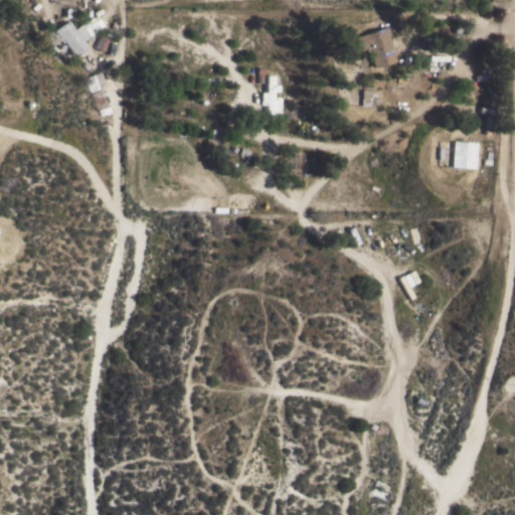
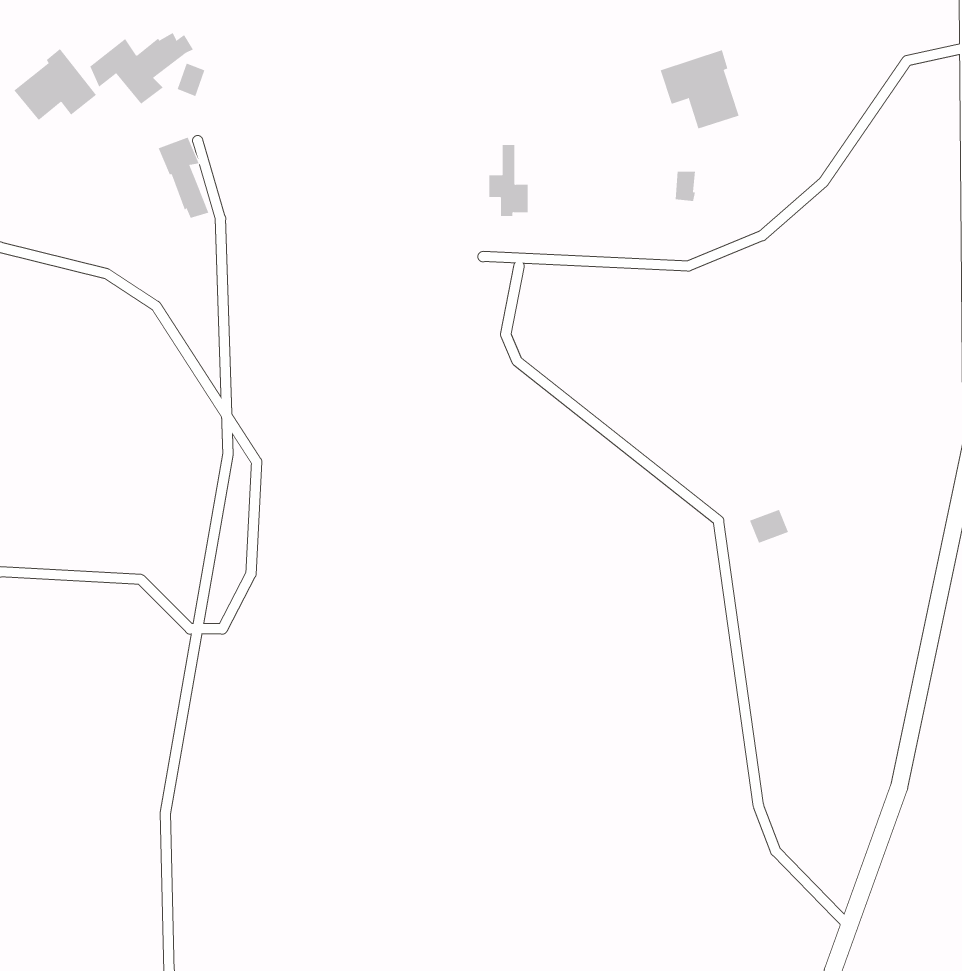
building: none -> [14,48,97,121]
building: [454,141,480,169] -> none

